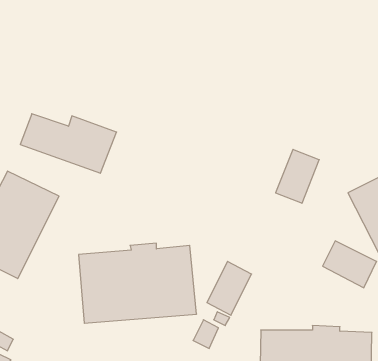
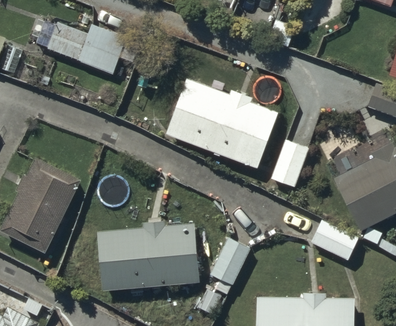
building: none -> [168,80,275,166]
building: [20,114,117,173] -> [47,22,131,74]

